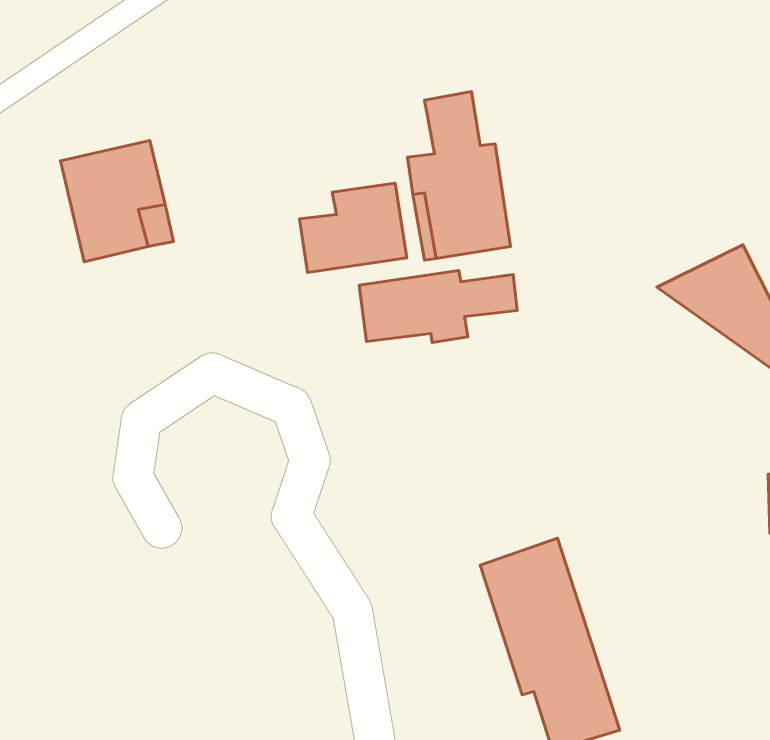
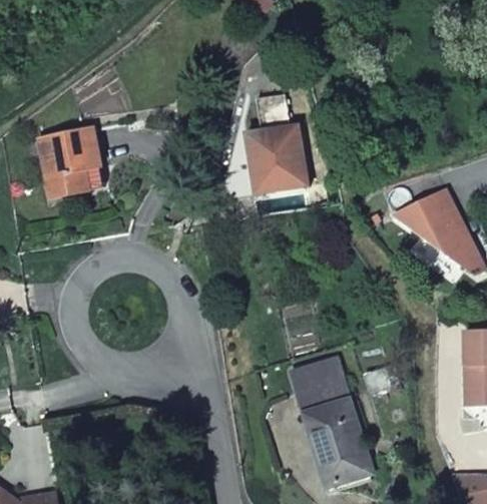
building: [300,183,407,273] -> none
building: [359,270,517,342] -> none

